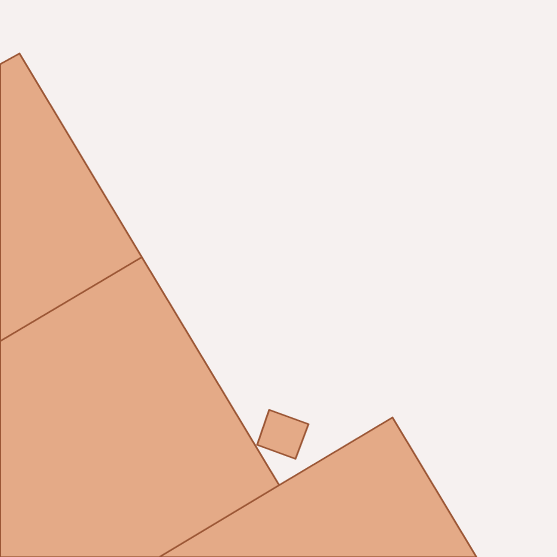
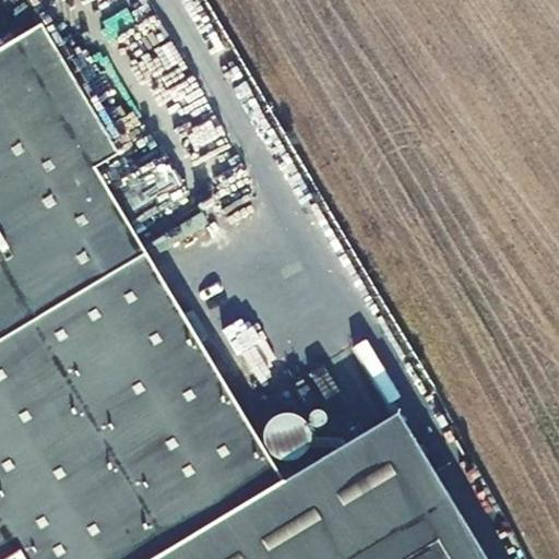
building: none -> [20,39,166,258]

